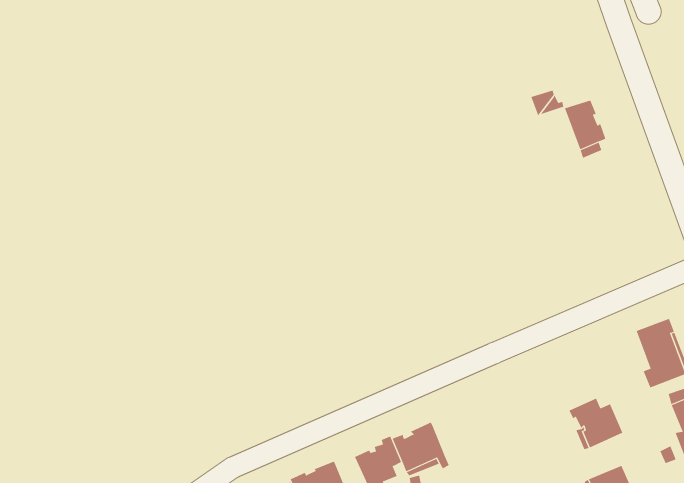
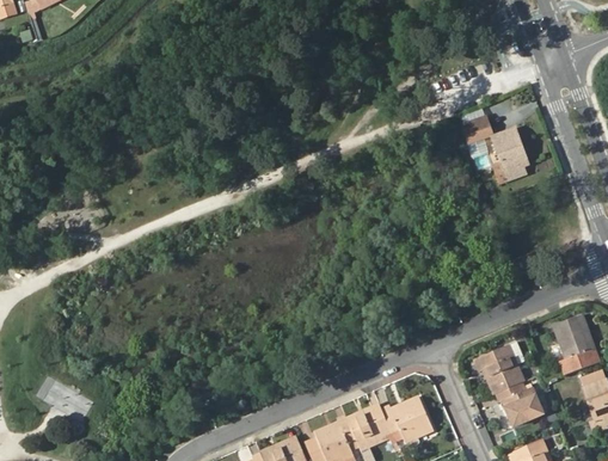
building: none -> [479,344,523,395]
building: none -> [381,397,432,441]

